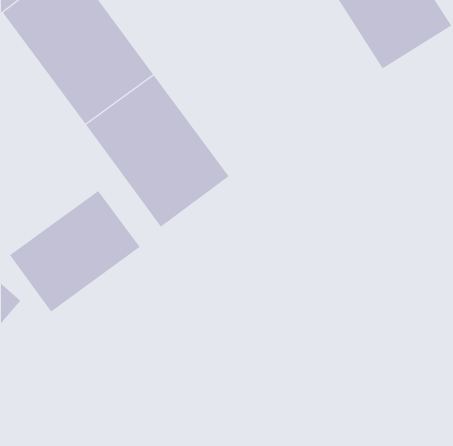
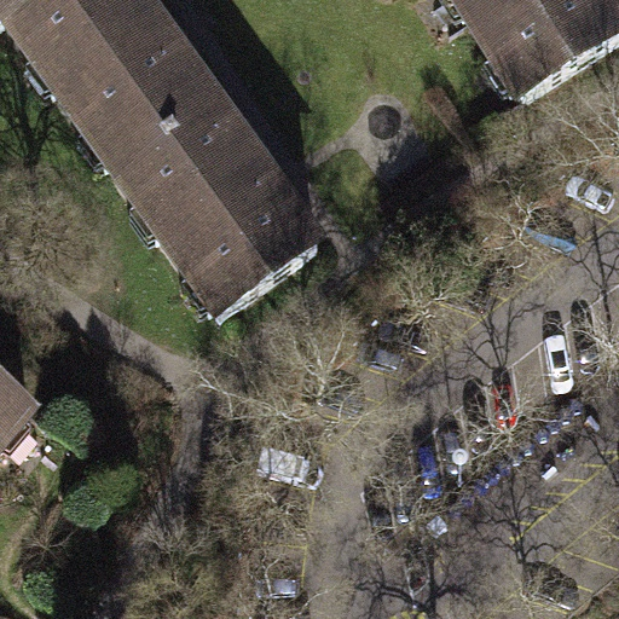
building: [9,190,140,313] -> none

